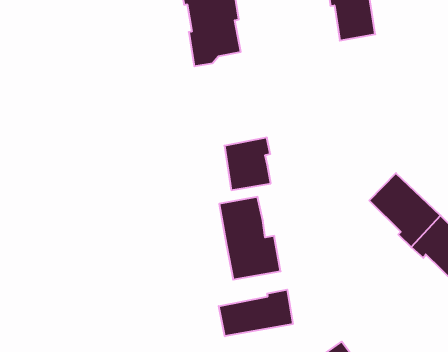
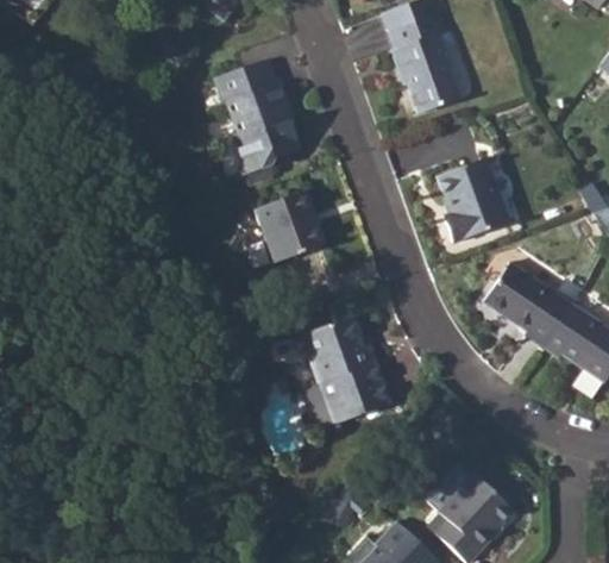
building: none -> [439,158,510,242]
building: [224,138,271,190] -> [257,189,320,259]
building: [219,290,293,336] -> none

